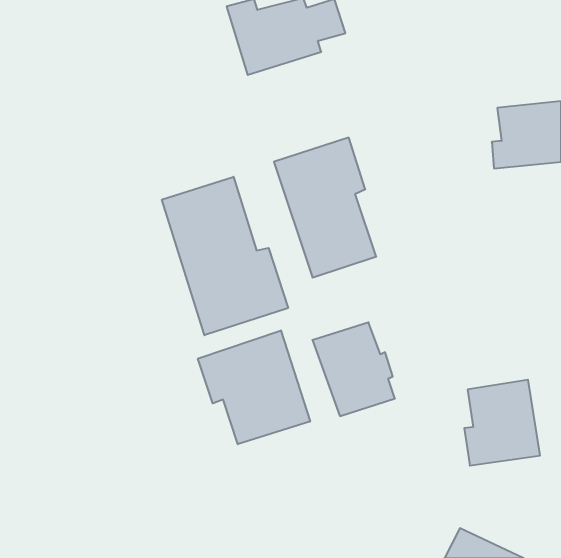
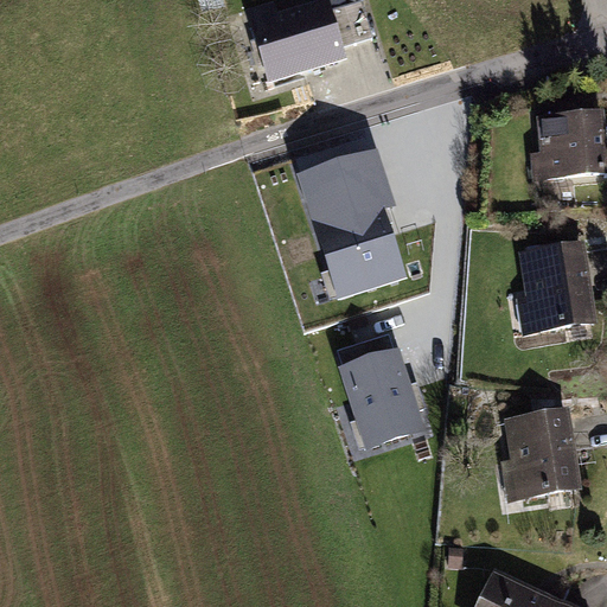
building: [162,177,288,335] -> none
building: none -> [516,242,596,336]
building: [198,330,310,444] -> none

